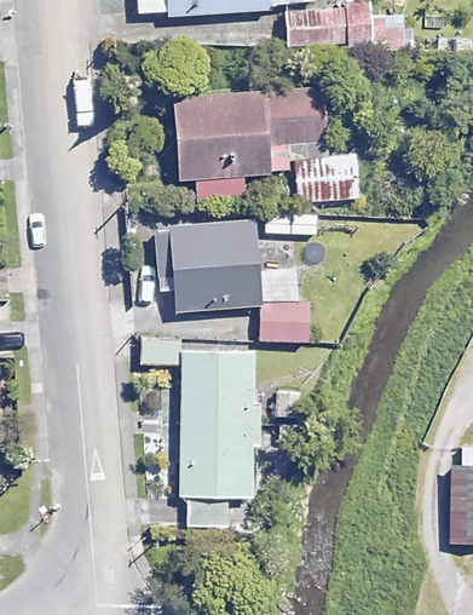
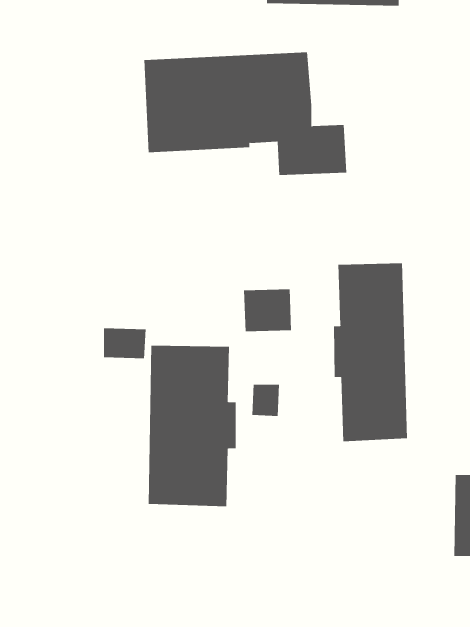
building: [172,222,261,309] -> none
building: none -> [333,262,407,442]

